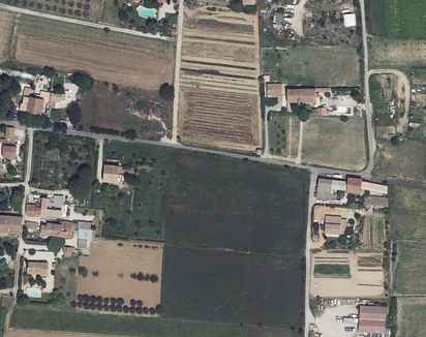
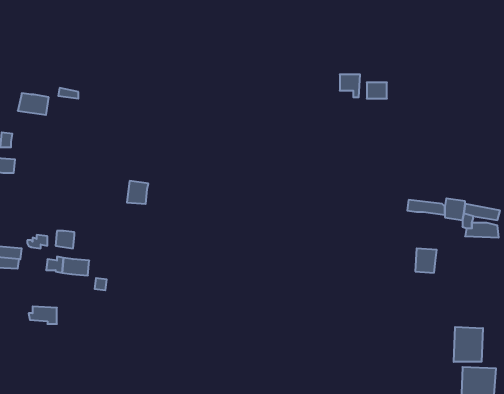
building: none -> [454,327,483,362]

